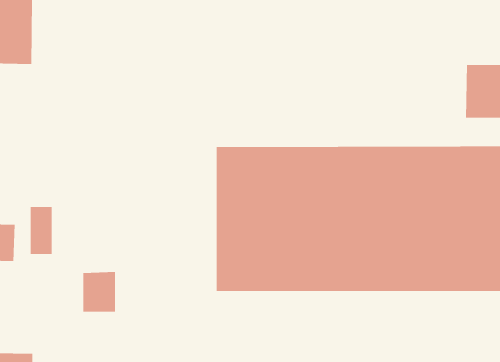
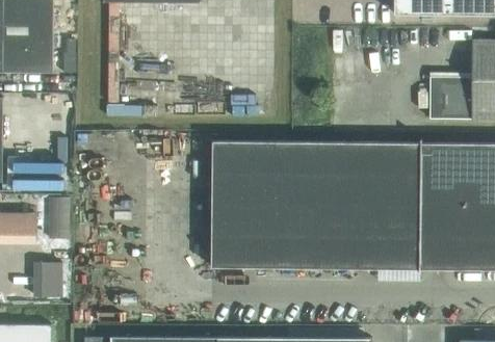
building: [83,272,116,312] -> [34,260,63,295]

